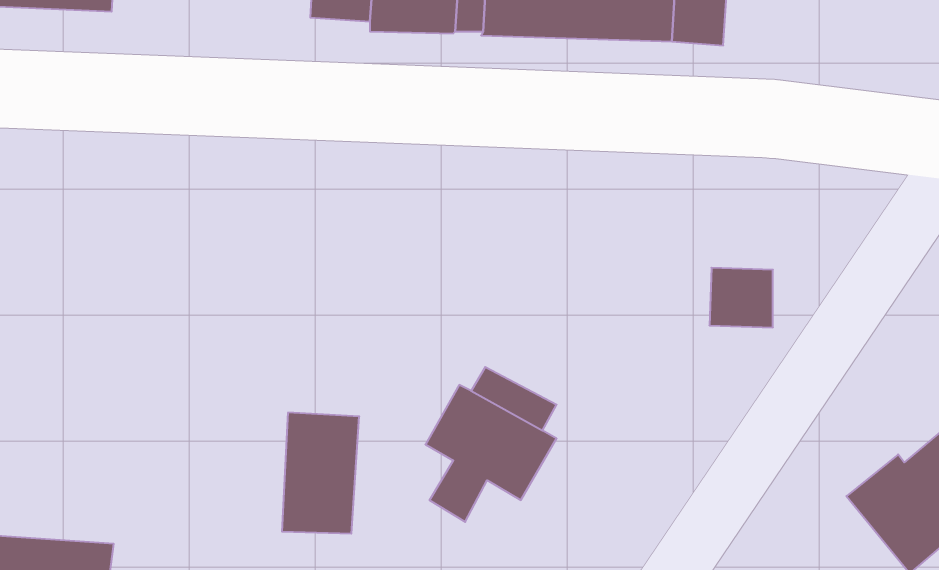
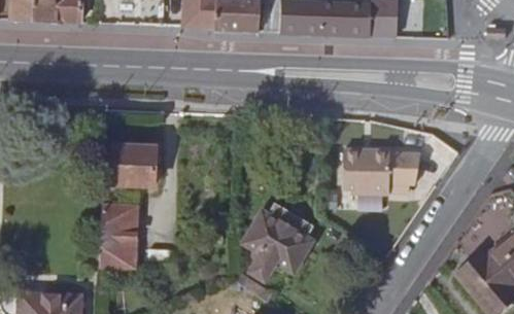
building: none -> [113,146,156,186]
building: none -> [343,150,391,196]
building: [282,413,359,534] -> [99,206,139,269]

